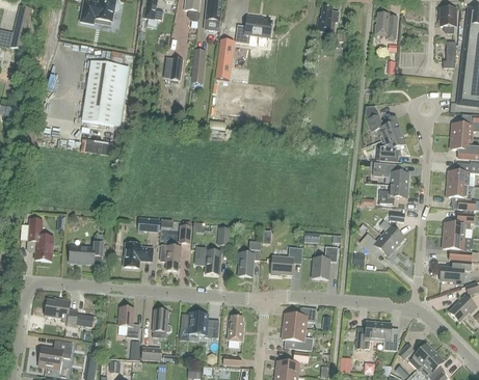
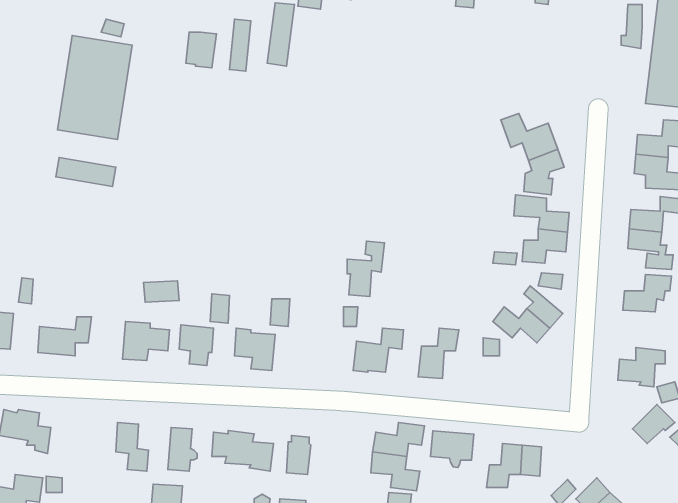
building: [442,235,471,261] -> none
building: [237,240,261,275] -> [347,241,385,296]
building: none -> [431,431,474,468]

